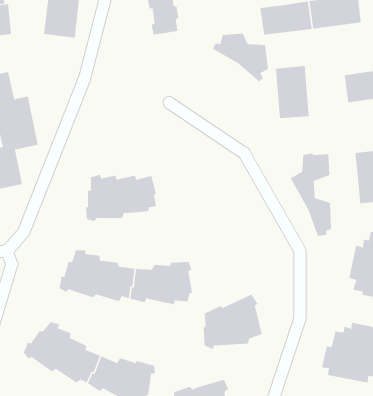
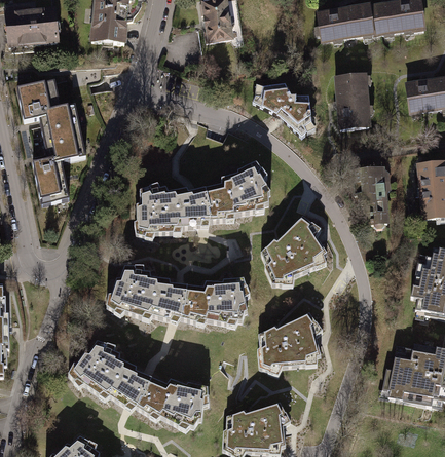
building: [212,33,269,82] -> [253,84,312,136]
building: none -> [205,162,271,221]
building: none -> [261,216,327,283]

